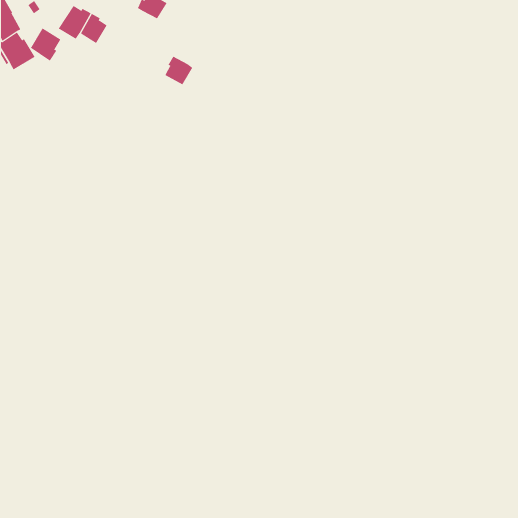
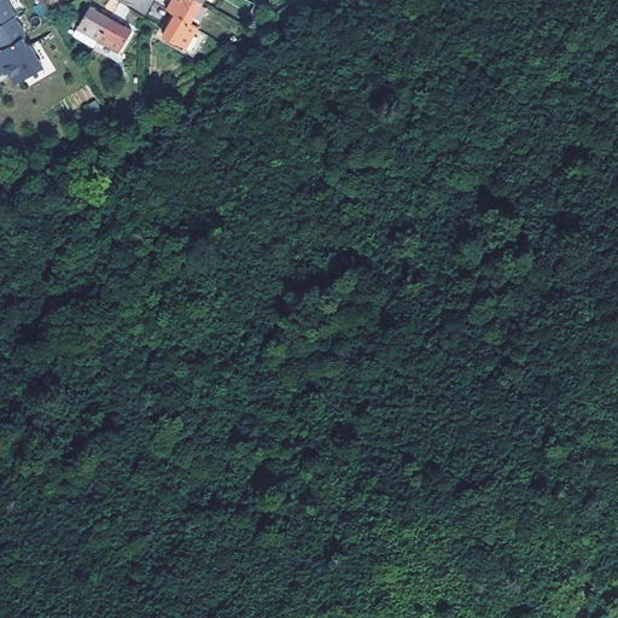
building: [30,28,61,62] -> none
building: [165,56,193,85] -> [161,13,194,48]

